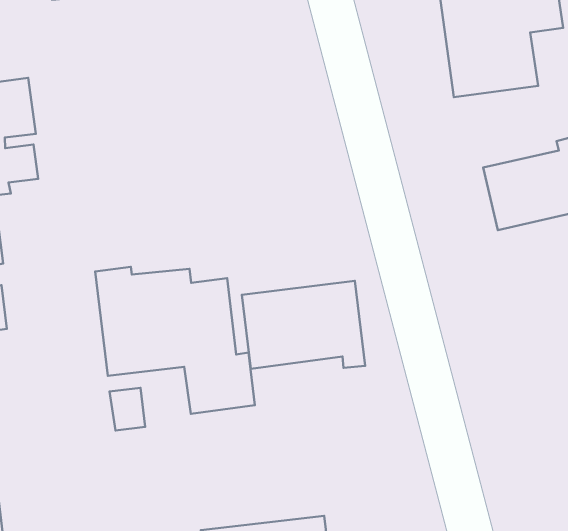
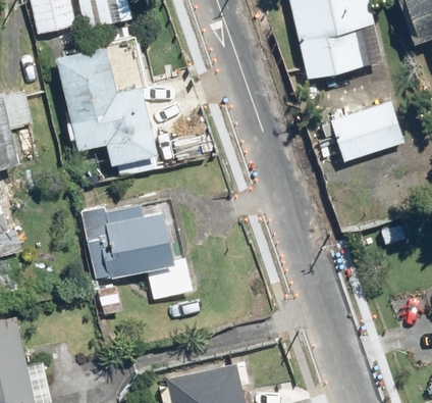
building: none -> [56,46,159,163]
building: [242,281,365,369] -> none

